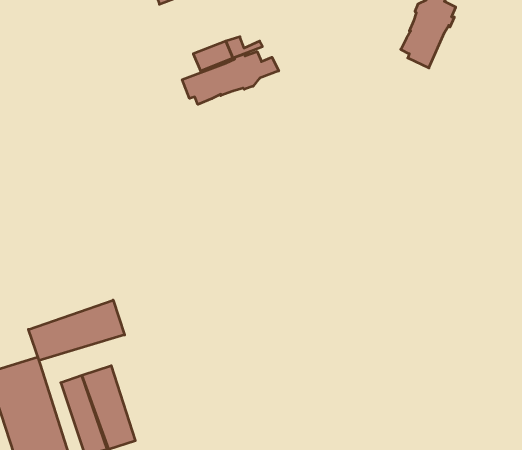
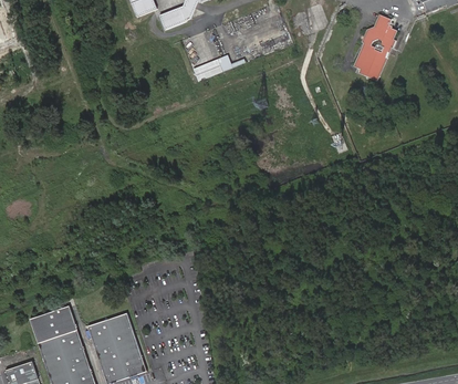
building: [182,52,279,104] -> none
building: [28,300,125,361] -> none

